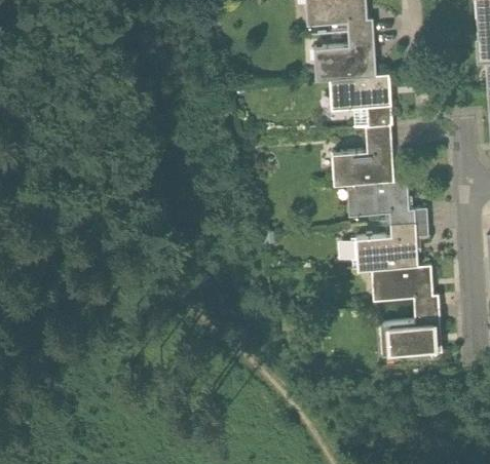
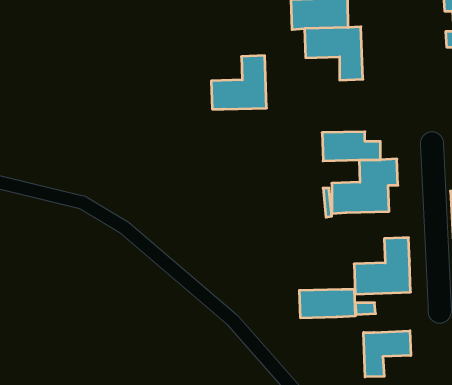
building: [334,128,392,185] -> [211,56,267,109]
building: [373,268,432,298] -> [299,290,356,318]
building: none -> [364,331,411,377]

